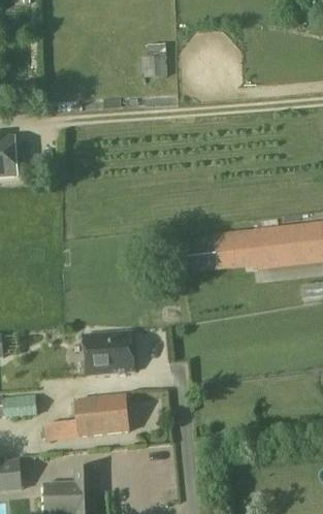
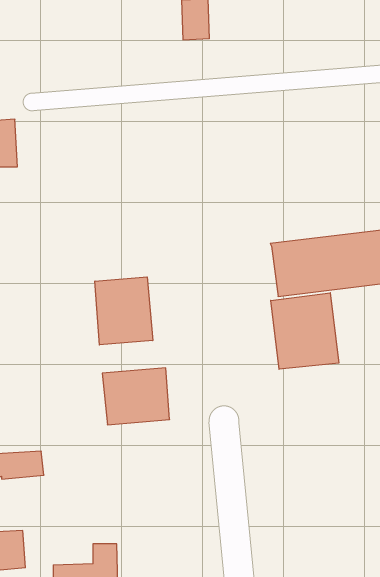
building: none -> [95,277,153,345]
building: none -> [271,293,339,369]
building: [44,395,128,439] -> none

